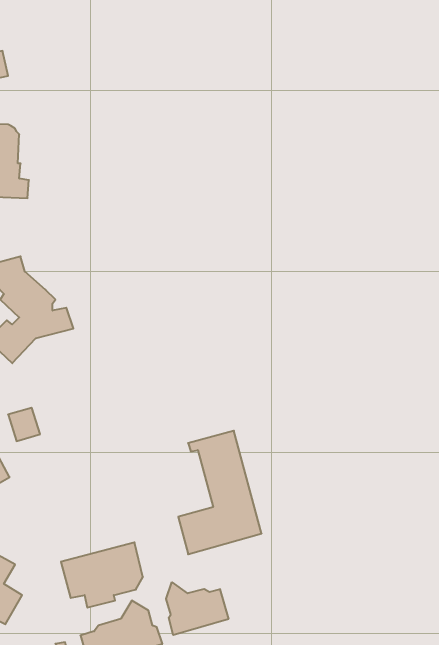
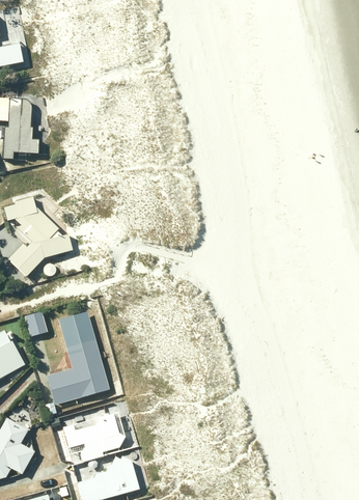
building: [178,431,262,554] -> [47,310,109,402]
building: [166,582,228,635] -> none

